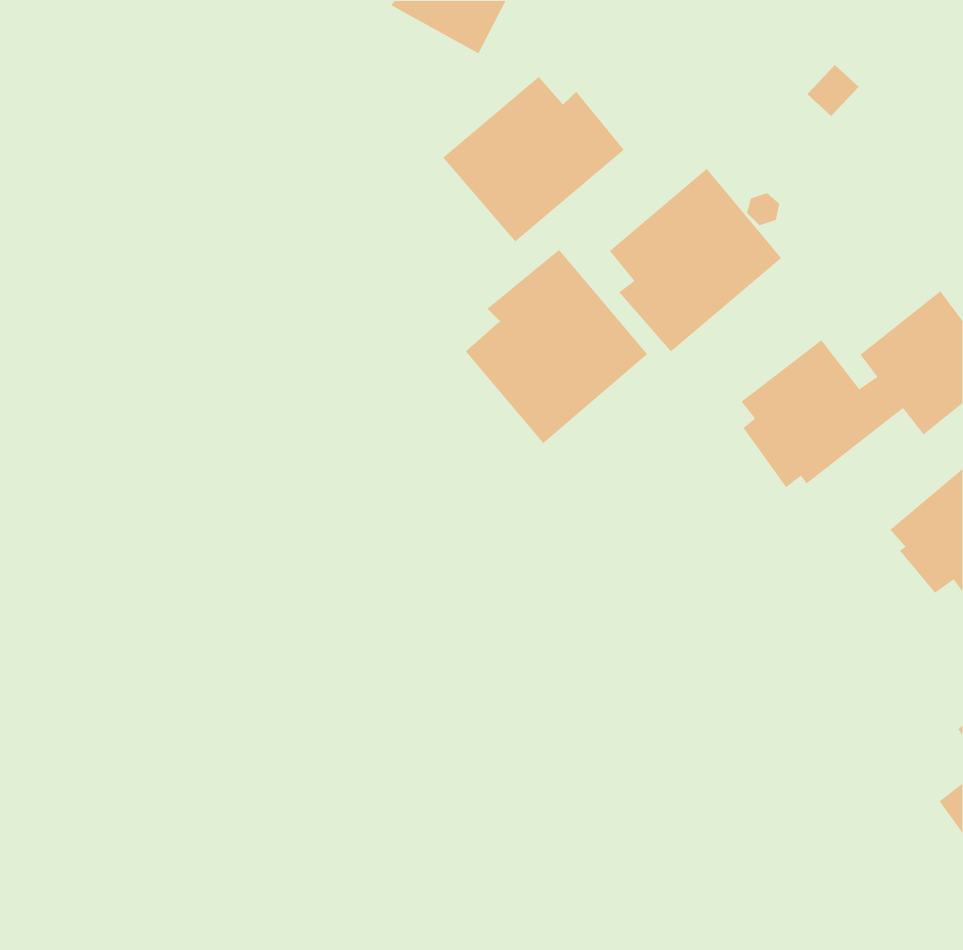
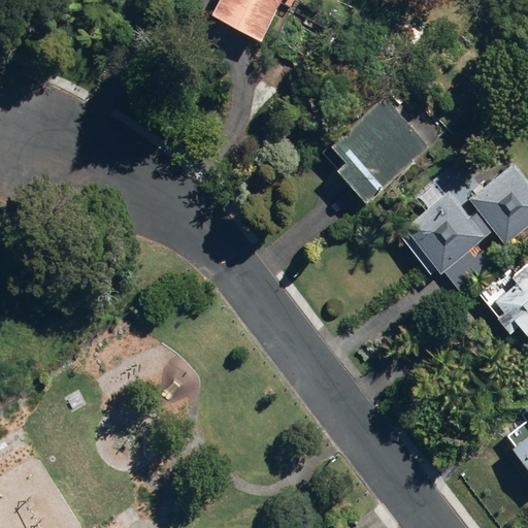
building: [442,76,625,242] -> none
building: [465,249,648,444] -> none

